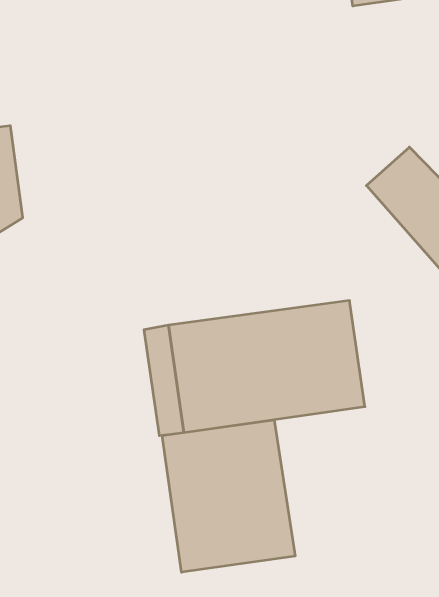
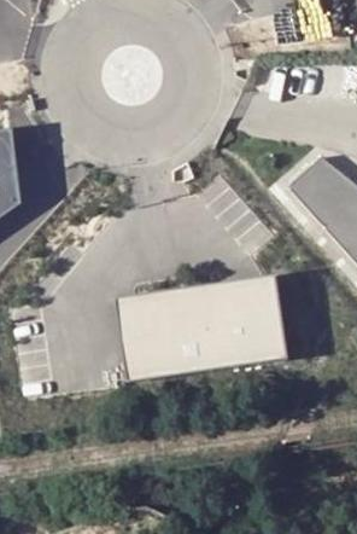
building: [162,420,295,572] -> none

